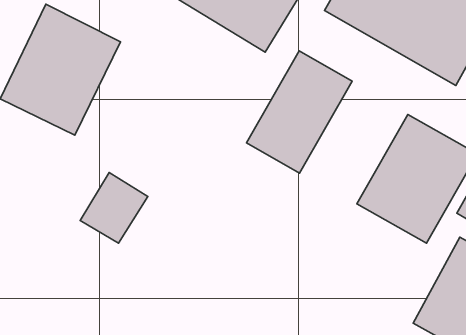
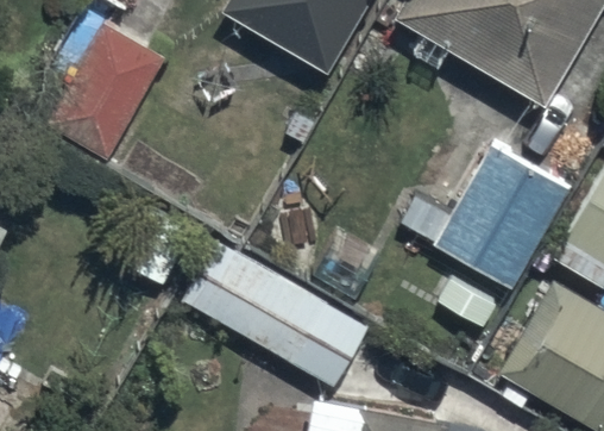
building: [247,51,352,173] -> none
building: none -> [181,241,370,386]

